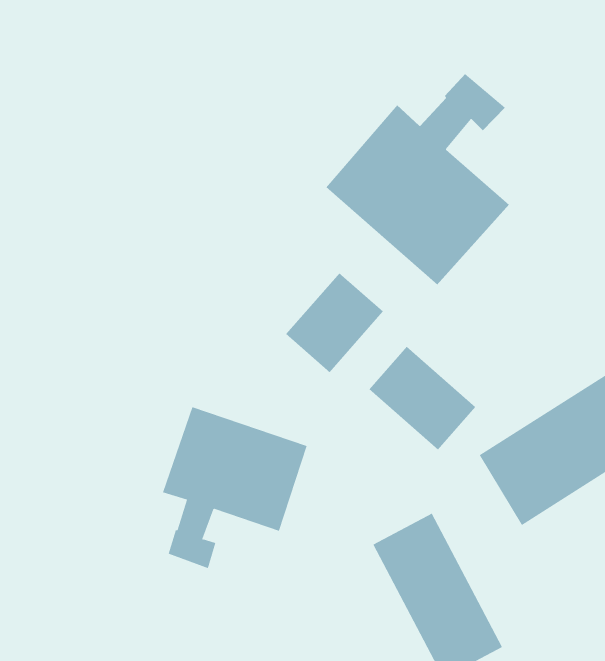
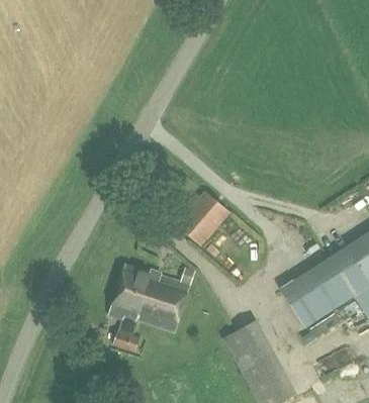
building: [326,73,510,285] -> none
building: [369,346,476,450] -> none

